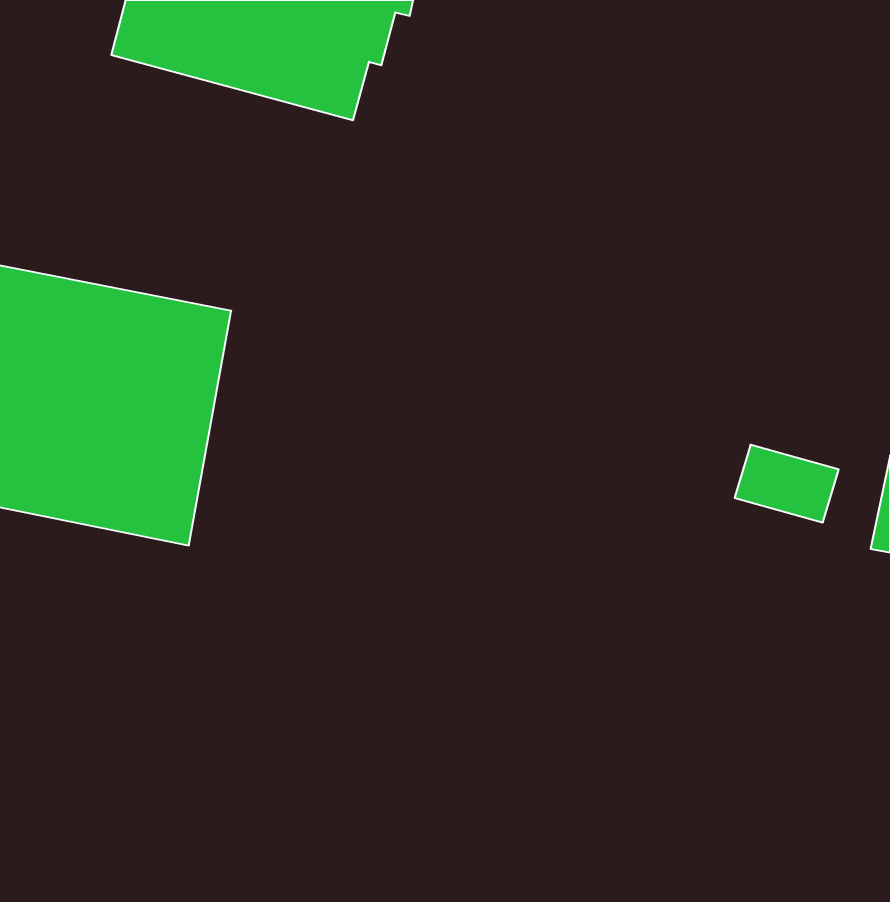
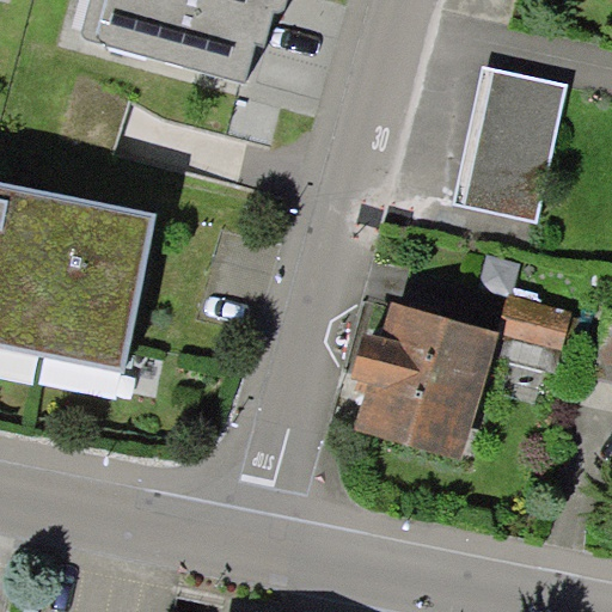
building: none -> [454,67,559,220]
building: none -> [355,313,489,448]

